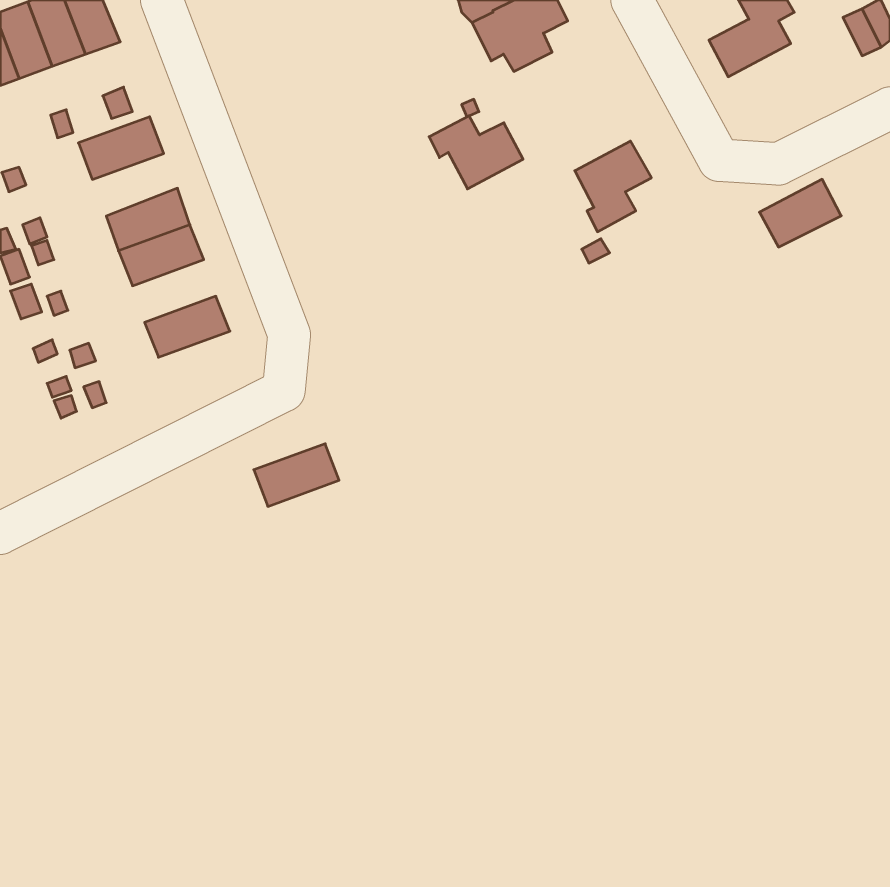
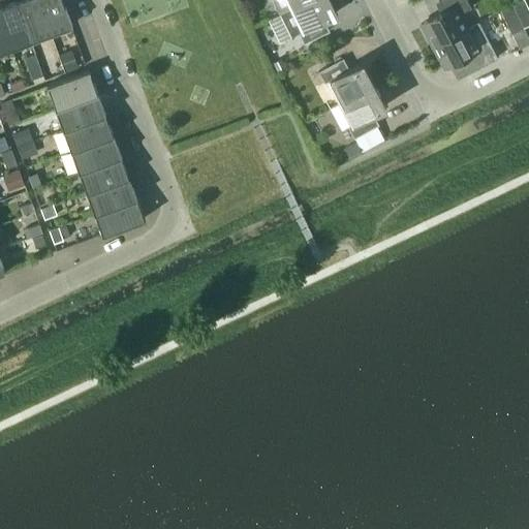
building: [429,116,523,189] -> [318,60,374,103]
building: none -> [55,93,105,130]
building: [759,179,841,247] -> [432,28,480,68]
building: none -> [79,156,128,193]
building: [254,444,339,506] -> [94,198,145,236]

